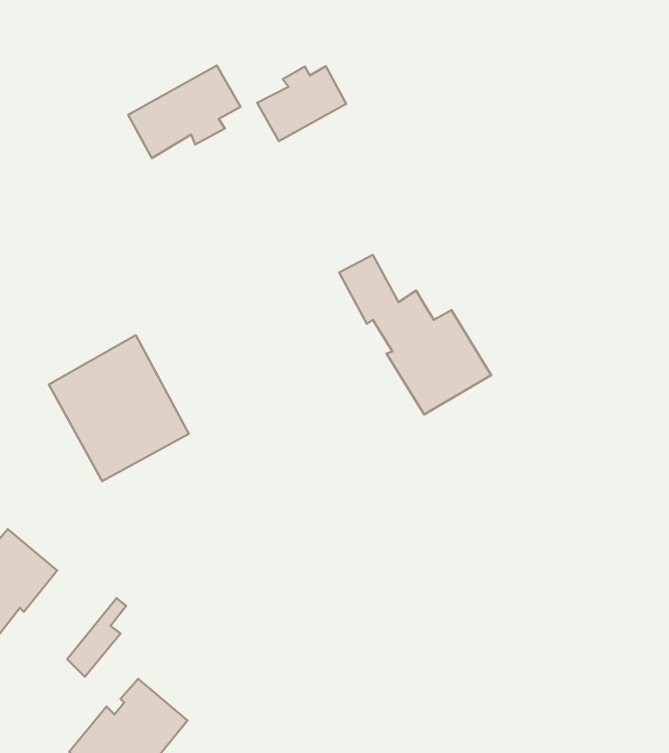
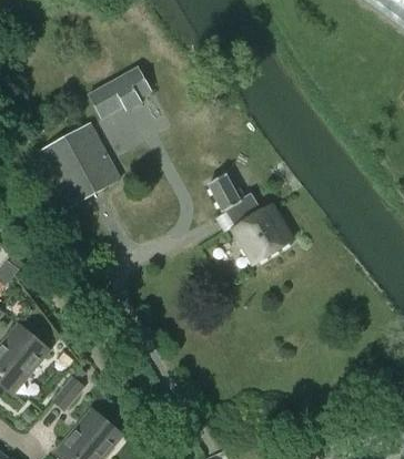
building: [257,66,346,141] -> none
building: [49,335,189,481] -> [41,123,120,205]

